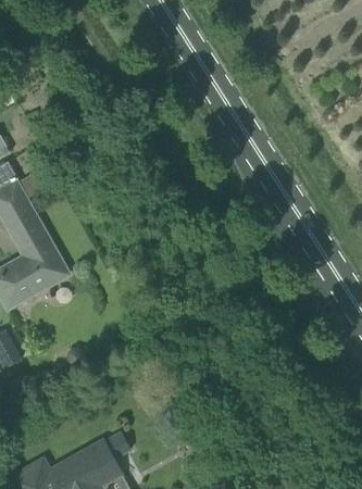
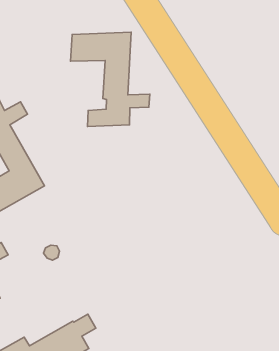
building: none -> [70,32,150,127]

